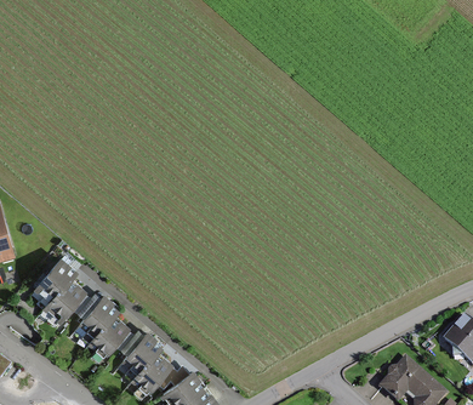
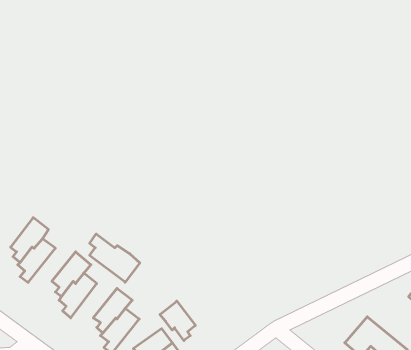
building: none -> [90,234,140,282]
building: none -> [160,301,195,341]

